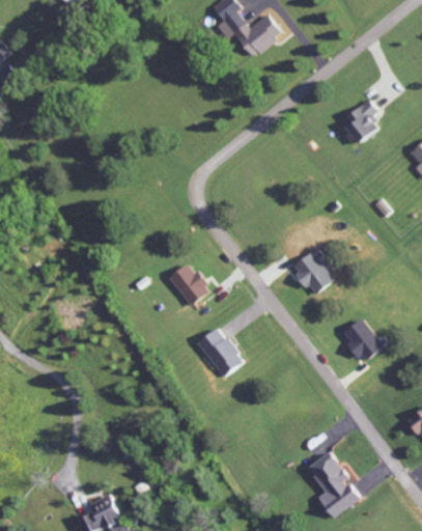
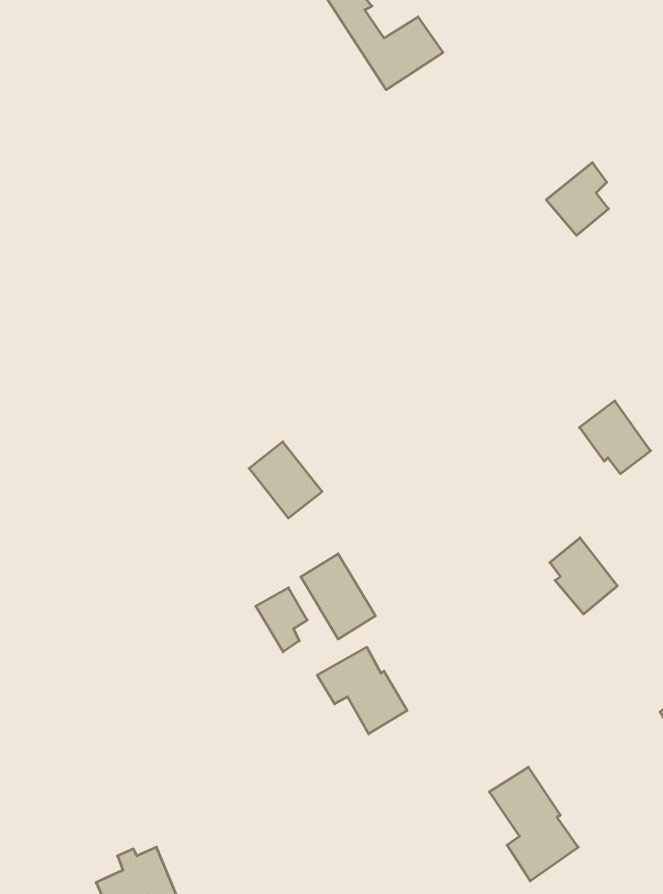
building: [291,252,333,295] -> [579,401,651,474]
building: none -> [256,588,307,652]
building: none -> [317,647,407,734]

